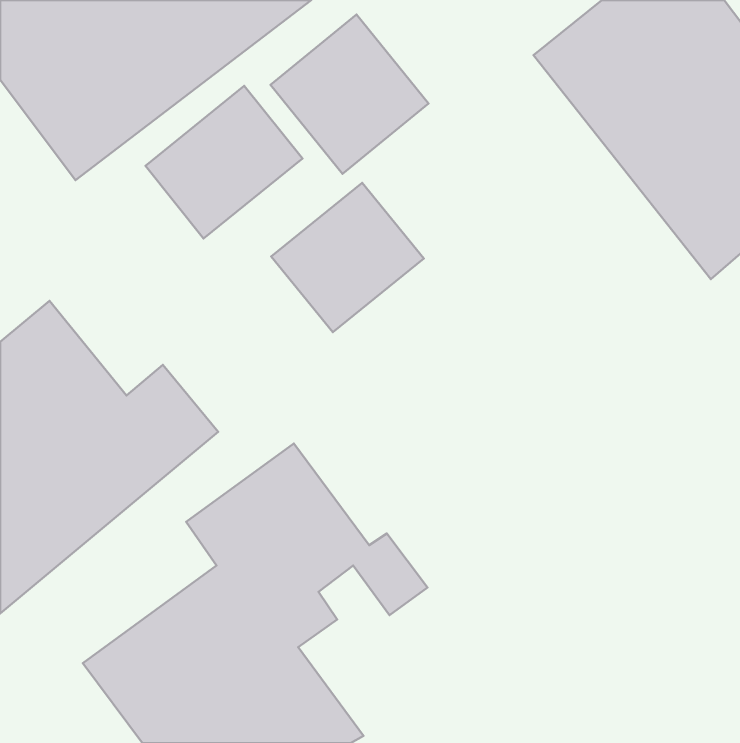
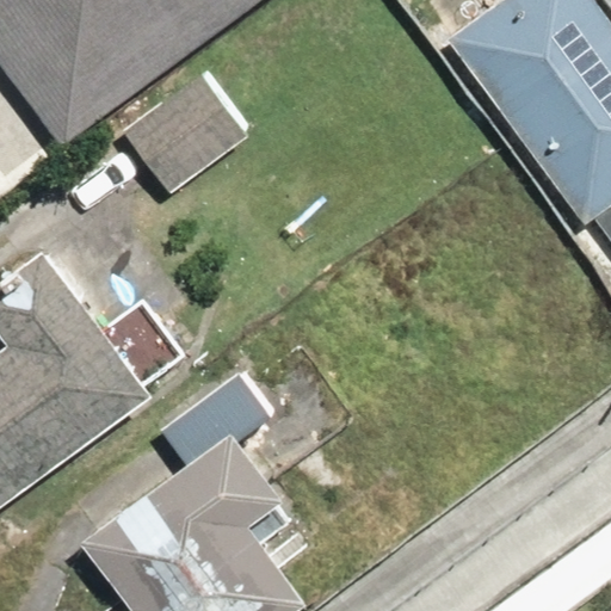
building: [270,15,429,174] -> none
building: [271,183,424,332] -> none

